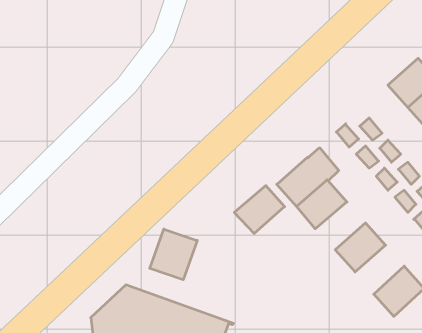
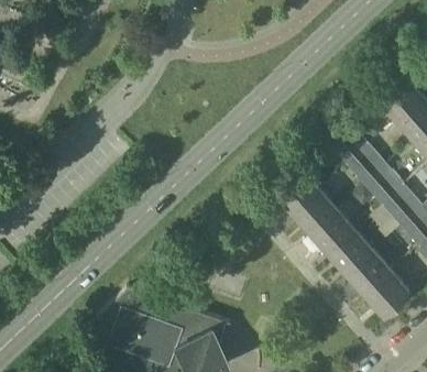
building: [234,186,285,233] -> [310,214,358,259]
building: [150,229,197,280] -> none
building: none -> [348,254,394,300]

